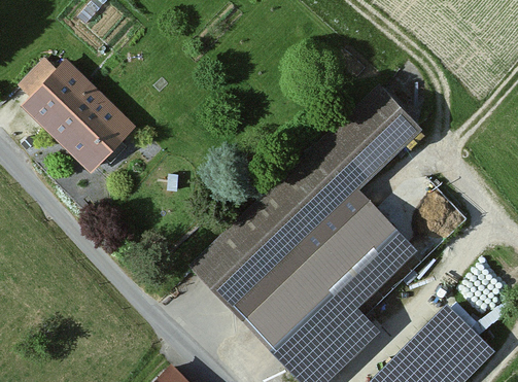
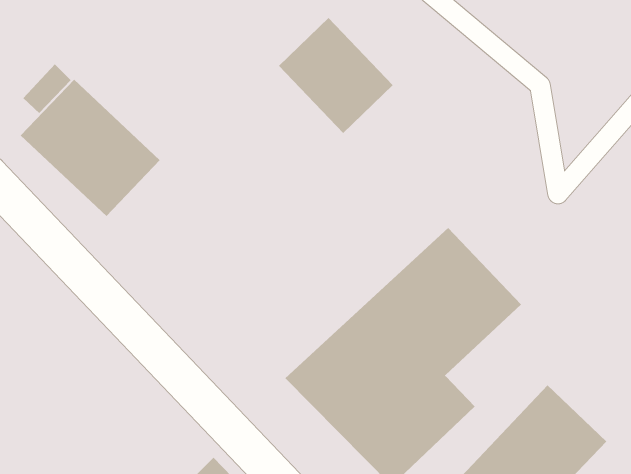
building: none -> [278,17,393,134]
building: [201,88,422,303] -> none

